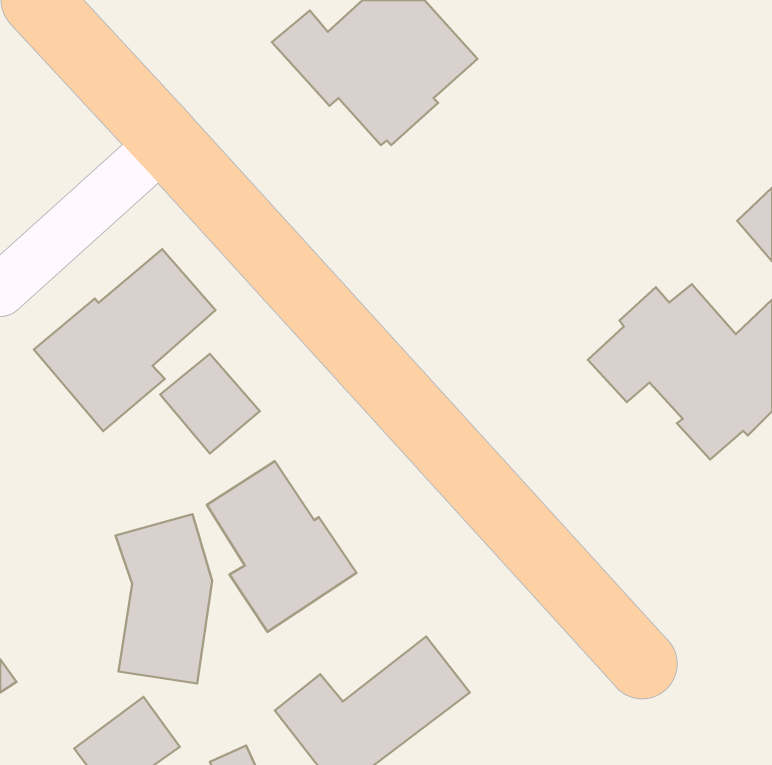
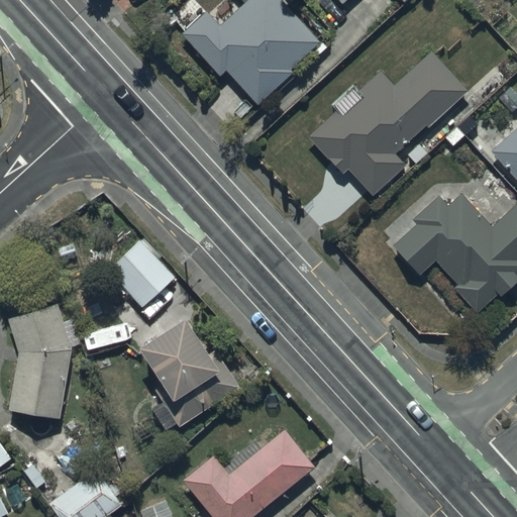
building: none -> [308,54,467,196]
building: [34,249,215,431] -> none
building: [116,514,212,684] -> [6,304,71,417]

